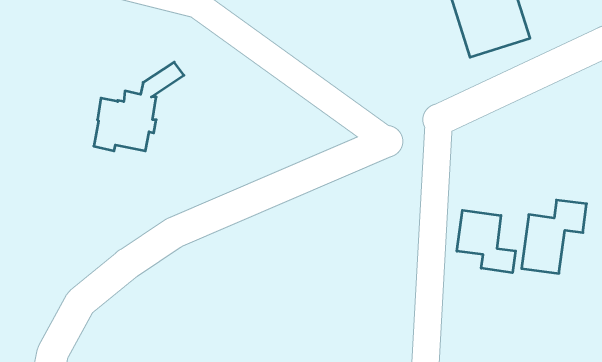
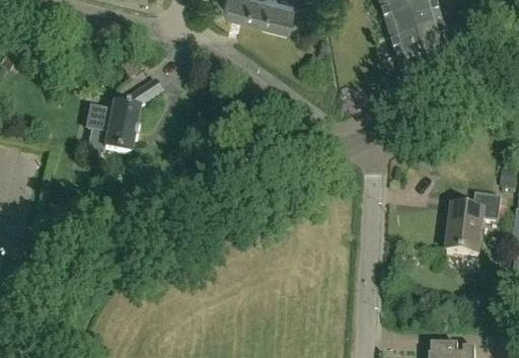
building: [457,210,516,273] -> none

